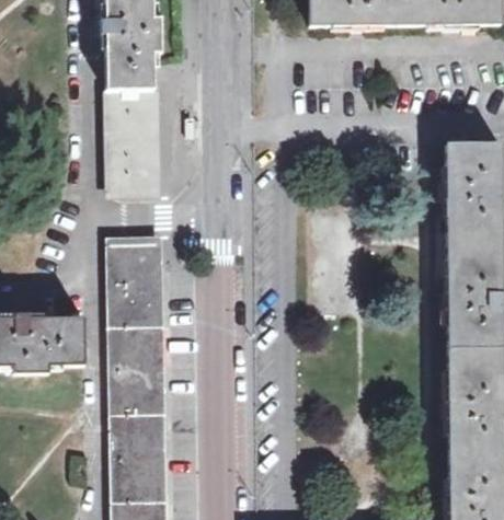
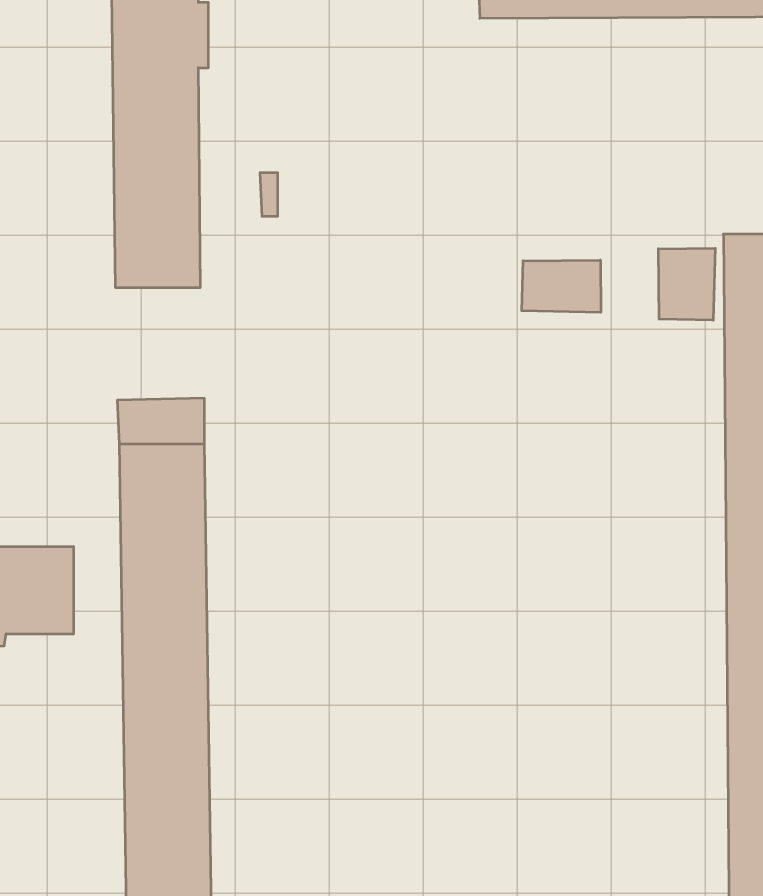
building: none -> [658,248,715,320]
building: none -> [522,260,601,312]
building: [110,173,158,197] -> none

